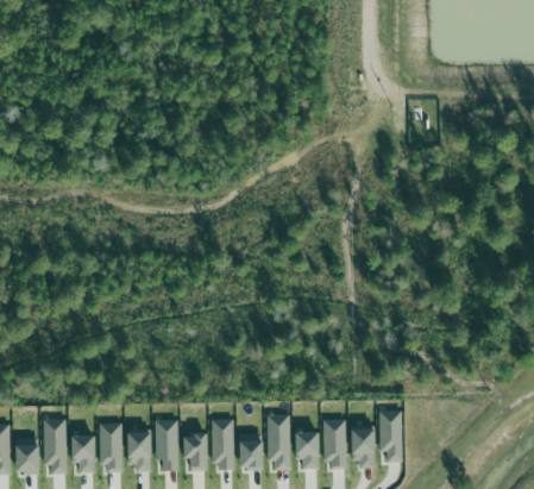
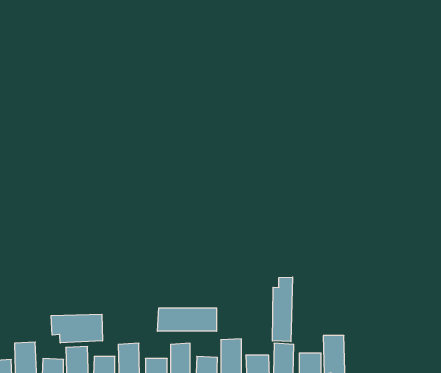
building: none -> [272,277,293,342]
building: none -> [157,308,217,331]
building: none -> [51,314,102,343]

